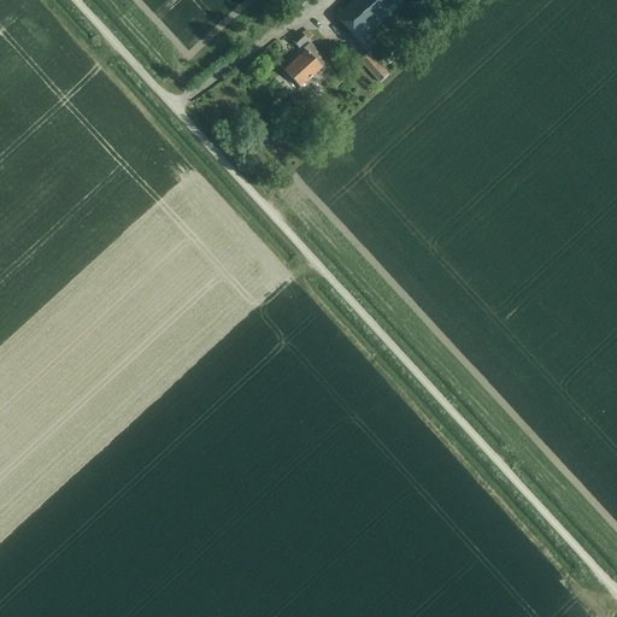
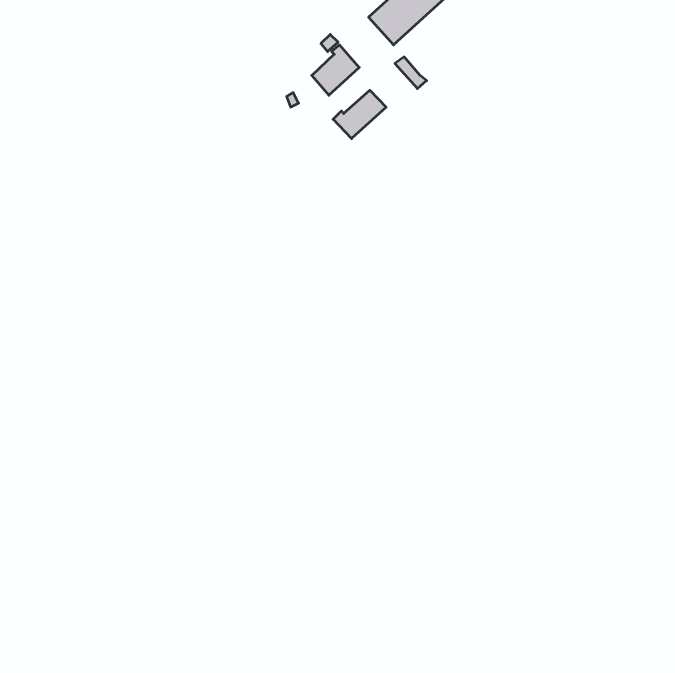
building: none -> [333,90,386,139]

